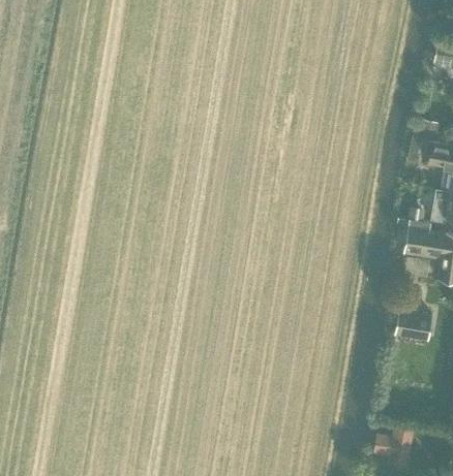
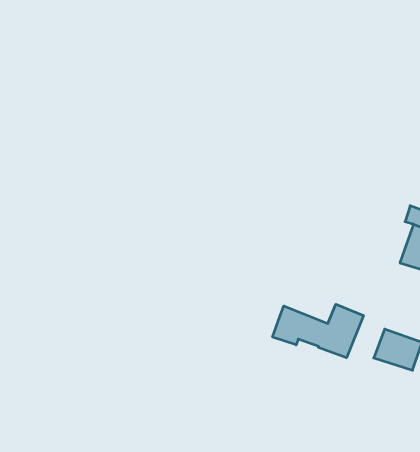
building: none -> [273,304,363,358]

